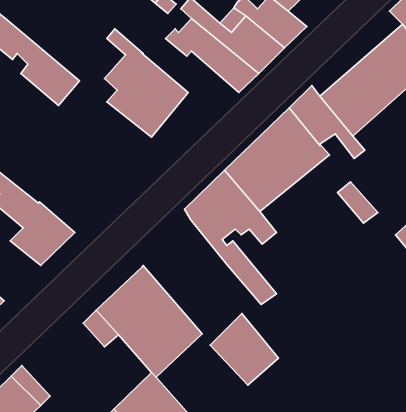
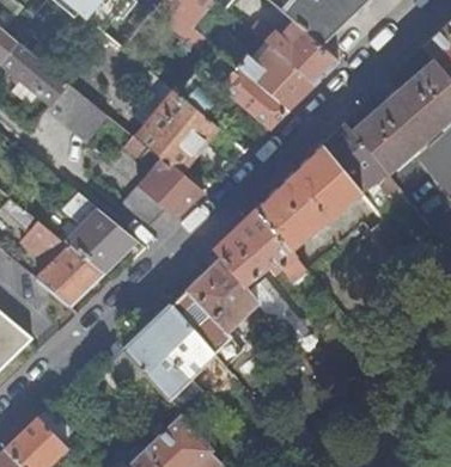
building: none -> [123,136,203,227]
building: none -> [62,193,134,271]
building: [210,313,278,385] -> [188,258,257,331]

